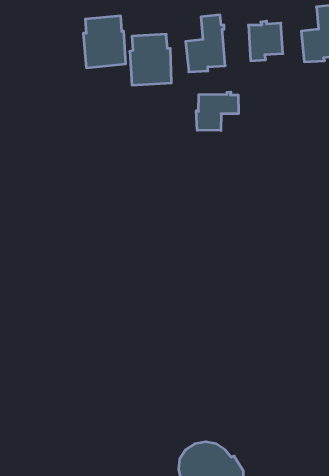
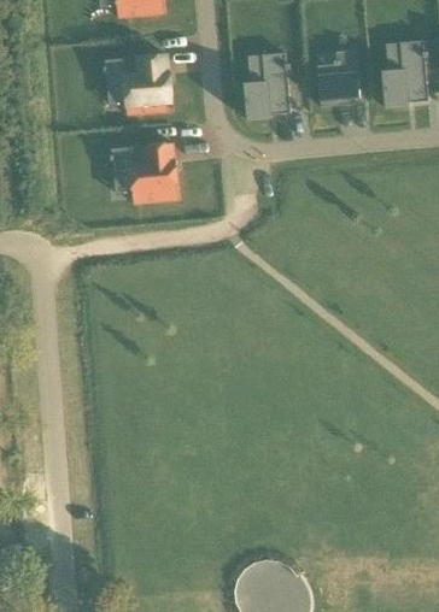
building: [130,34,171,85] -> [128,143,177,204]
building: [196,92,238,131] -> none

